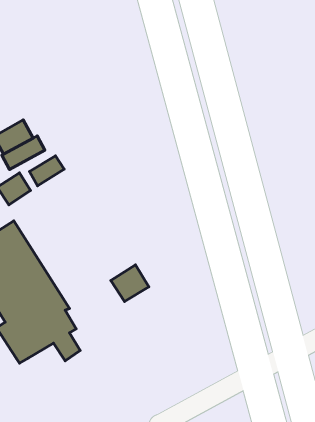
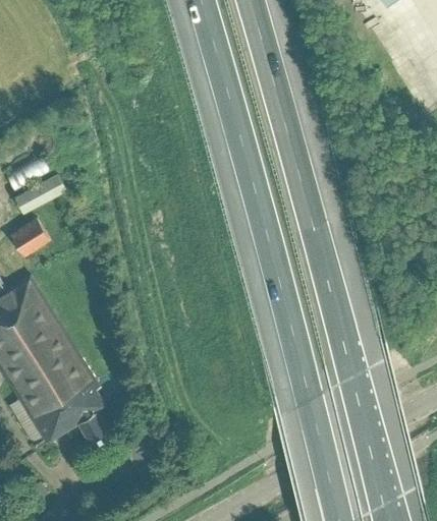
building: [29,156,64,186] -> none
building: [111,265,149,302] -> none

